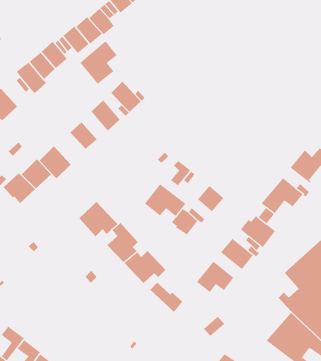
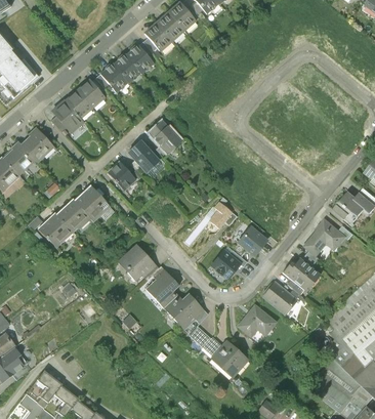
building: [79,41,118,85] -> none
building: [144,183,186,217] -> none
building: none -> [211,343,246,378]

